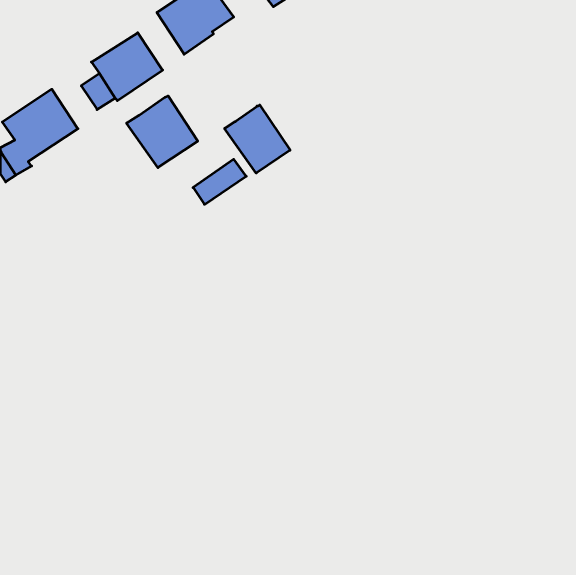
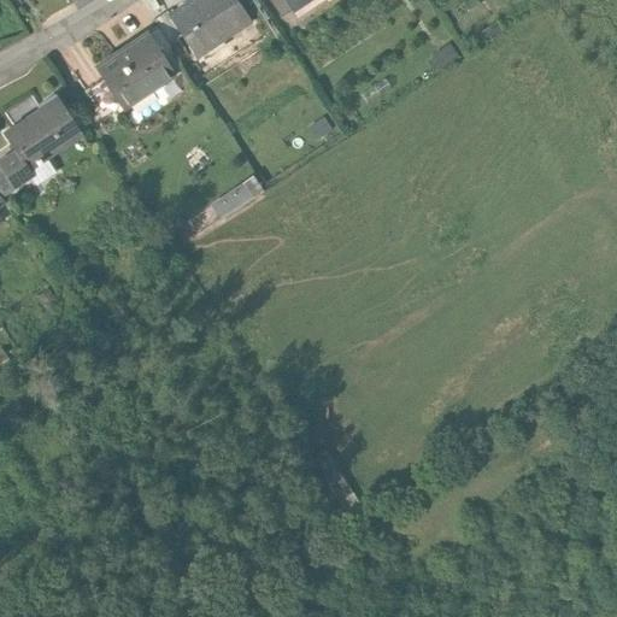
building: [127,96,198,168] -> none
building: [225,105,290,173] -> none

